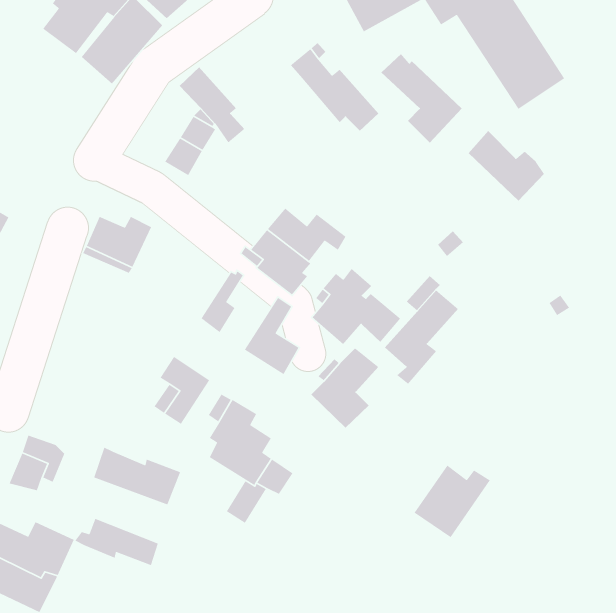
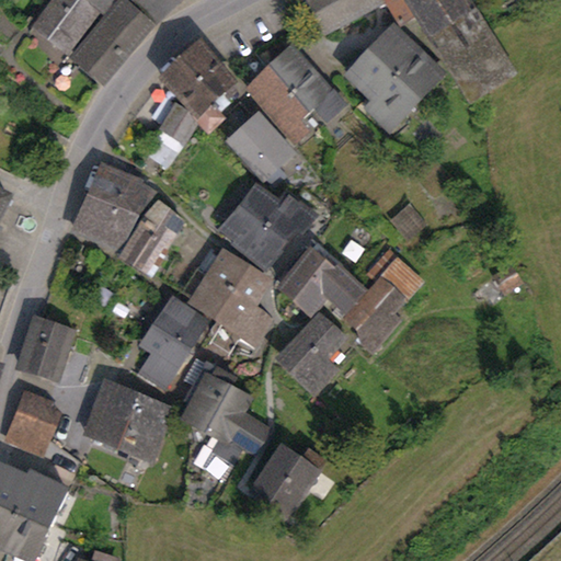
building: none -> [181,43,236,99]
building: none -> [253,69,308,140]
building: none -> [233,116,291,185]
building: [468,130,545,201] -> [374,34,444,99]
building: none -> [90,168,152,207]
building: none -> [123,204,182,272]
building: none -> [199,250,252,318]
building: none -> [158,300,206,345]
building: none -> [19,316,73,377]
building: [413,465,491,538] -> [253,446,323,513]
building: [74,518,159,566] -> [94,385,171,428]

